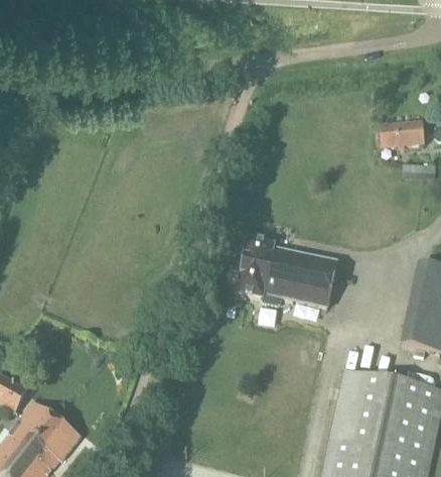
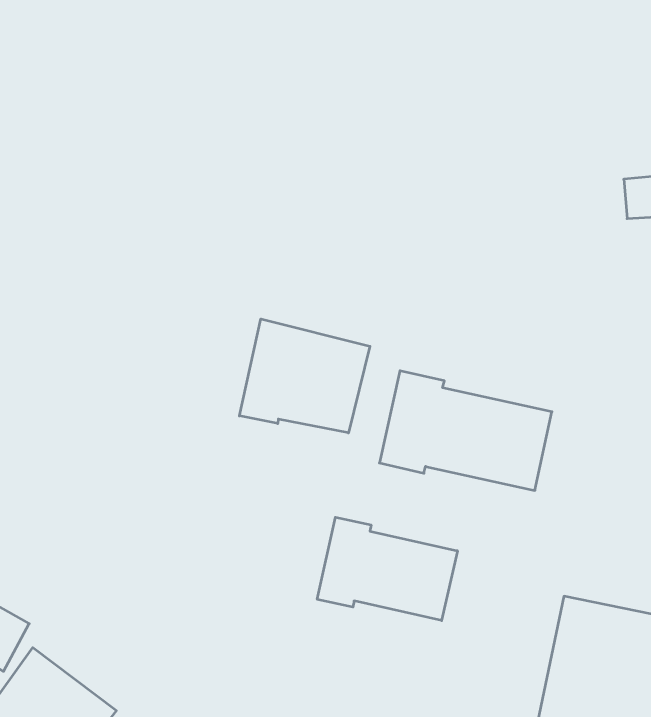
building: none -> [239,319,370,433]
building: none -> [317,517,457,621]

